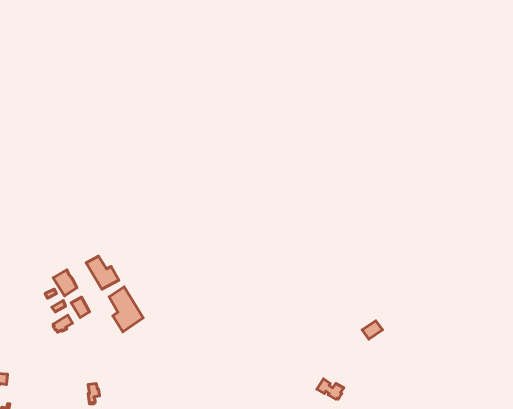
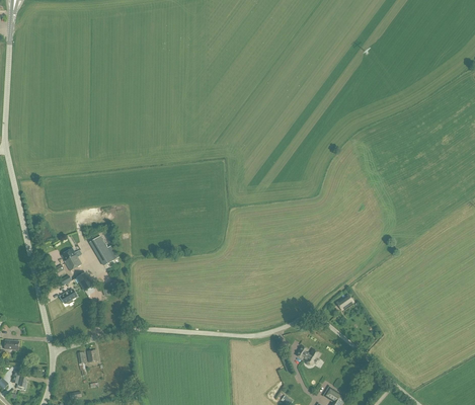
building: [109,287,143,332] -> none

